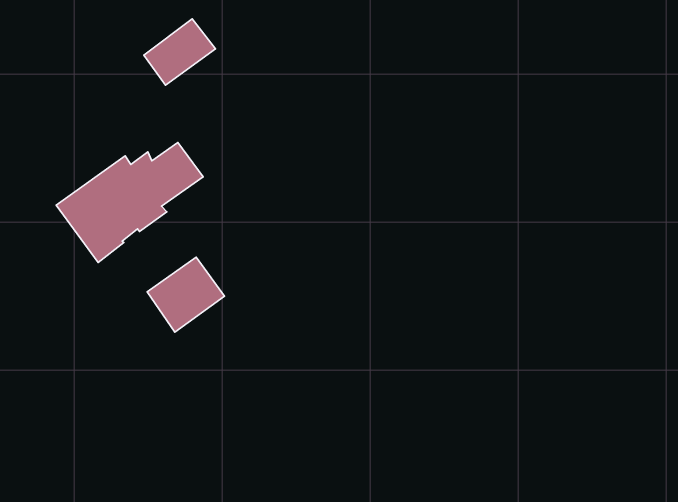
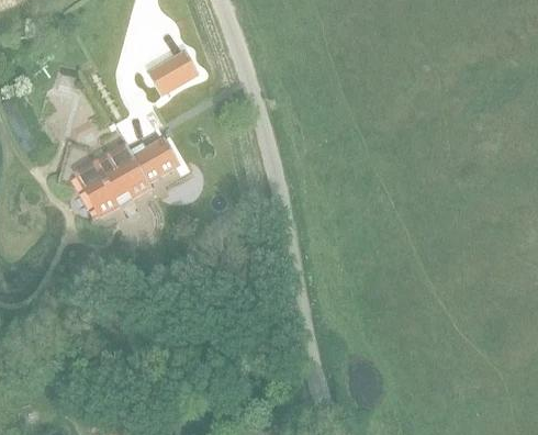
building: [147,257,224,332] -> none

